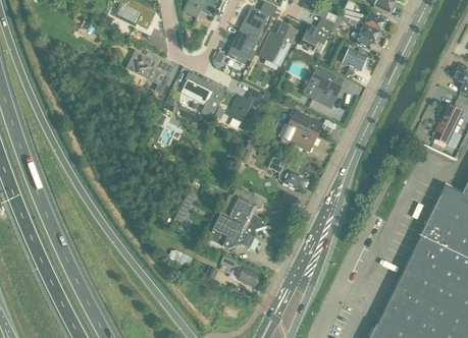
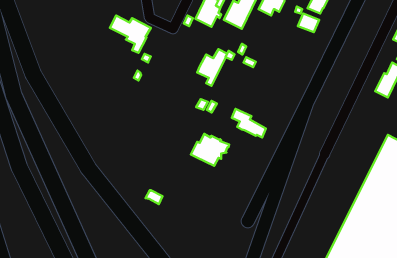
building: [290,52,345,108] -> none
building: [184,72,224,117] -> none
building: [280,110,322,152] -> none
building: [207,210,267,251] -> none
building: [220,255,258,286] -> none

